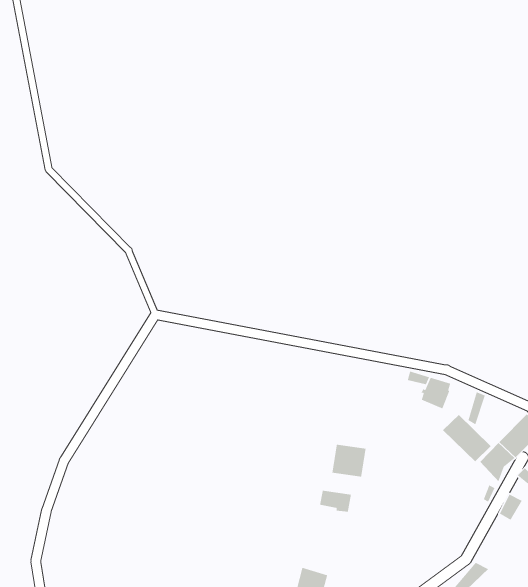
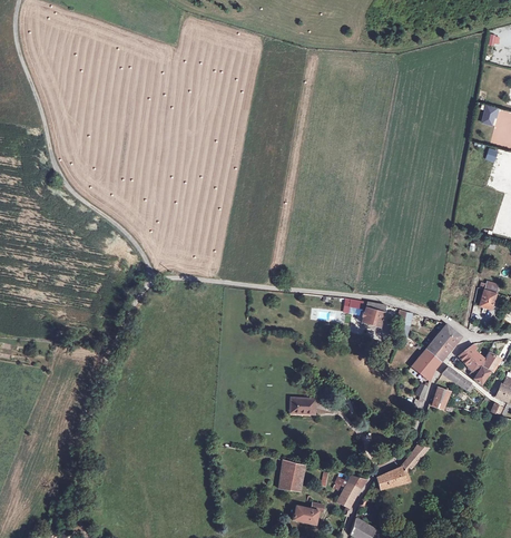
building: [442,414,492,462] -> none
building: [331,444,366,478] -> none

